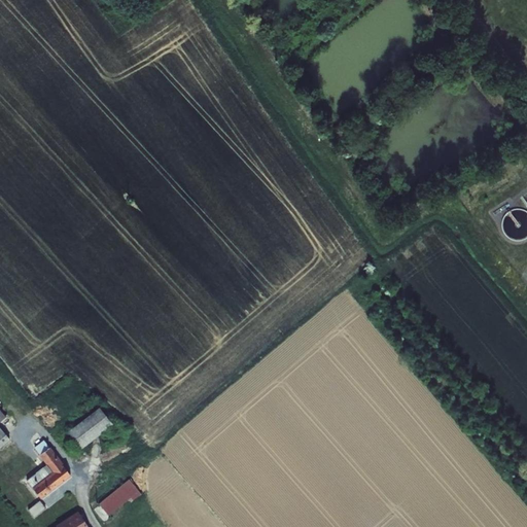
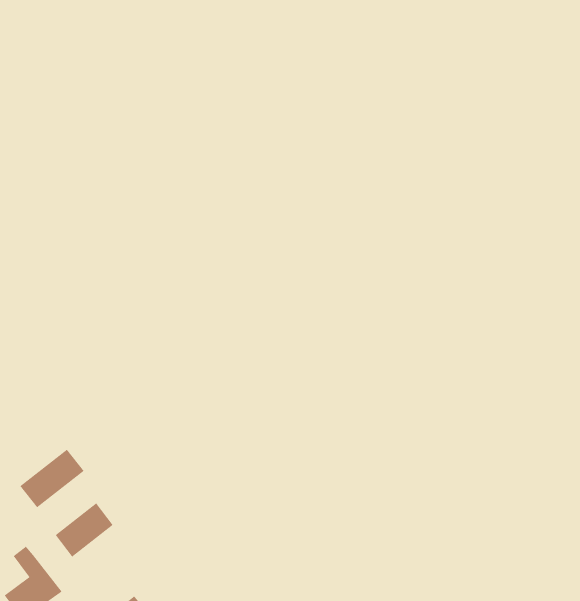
building: none -> [20,449,85,508]

